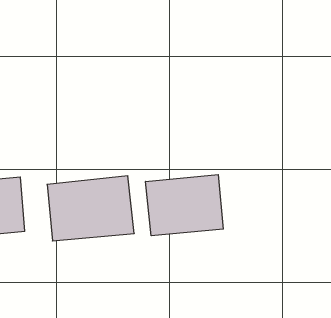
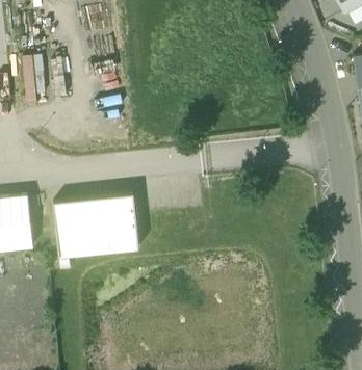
building: [146,175,223,236] -> none

